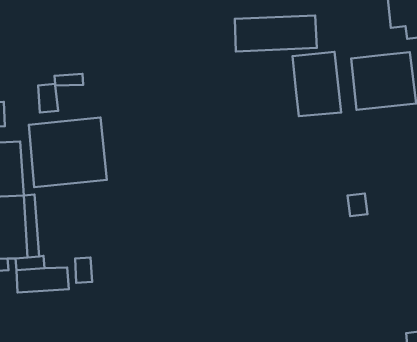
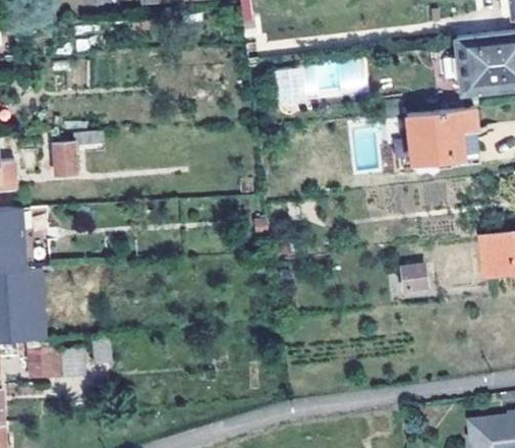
building: [293,52,341,116] -> none
building: [29,118,107,187] -> none

